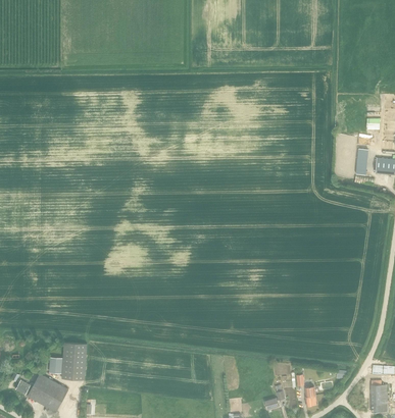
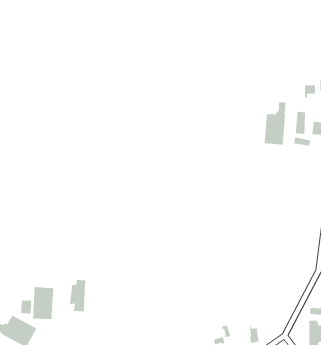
building: none -> [264,101,287,145]
building: none -> [69,279,86,312]

